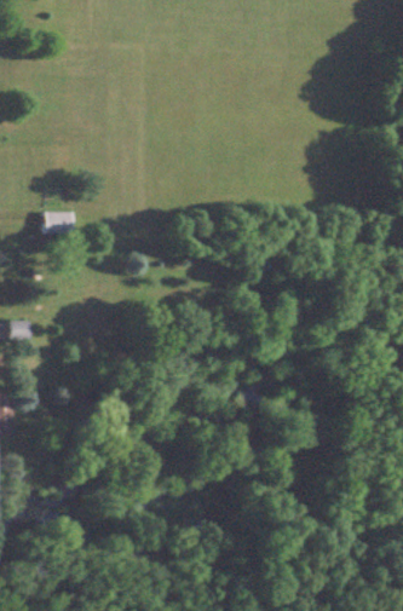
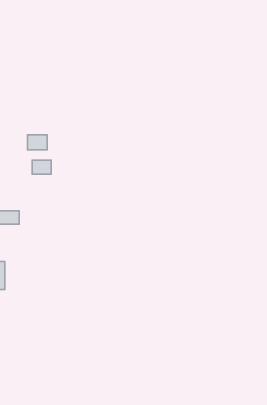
building: none -> [32,160,51,174]

